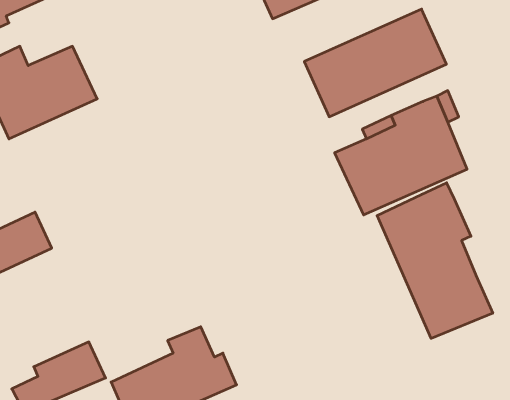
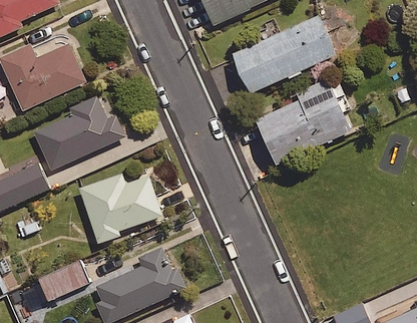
building: none -> [33,95,123,169]
building: [377,183,493,338] -> none
building: none -> [77,173,160,243]

